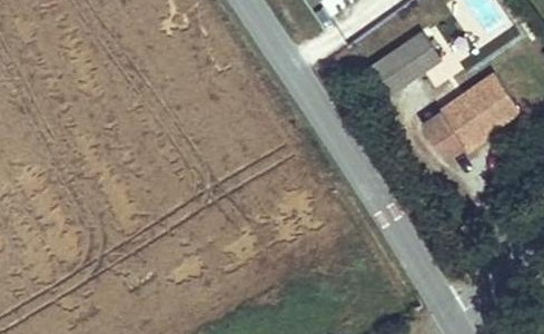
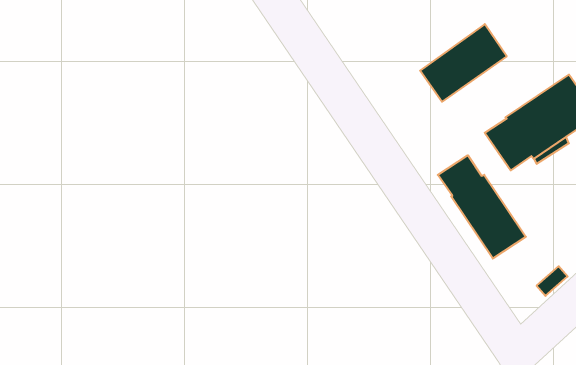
building: none -> [438,155,526,259]

